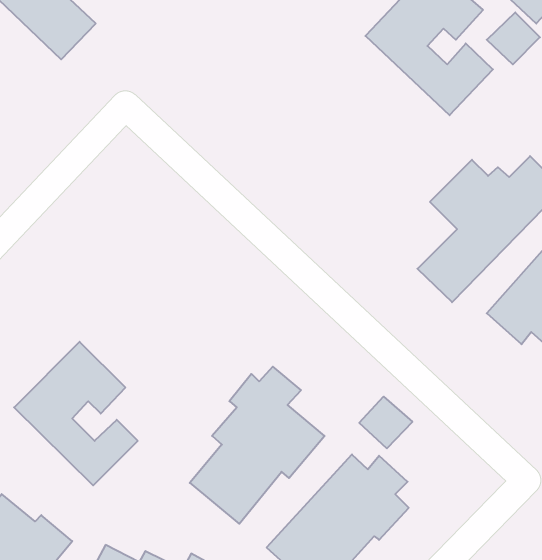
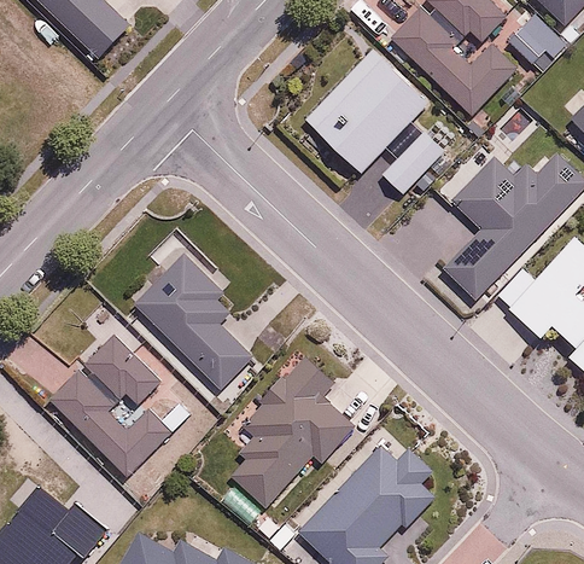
building: none -> [305,48,428,170]
building: none -> [384,128,444,191]
building: none -> [133,252,252,391]
building: [359,397,412,448] -> none

